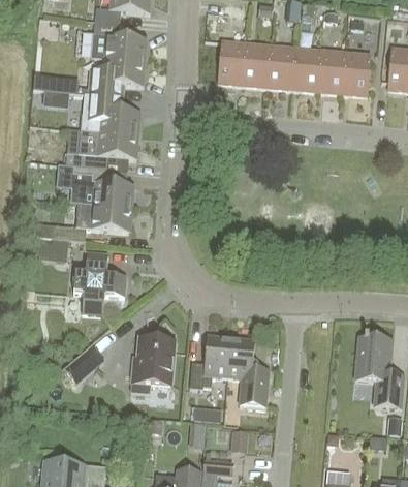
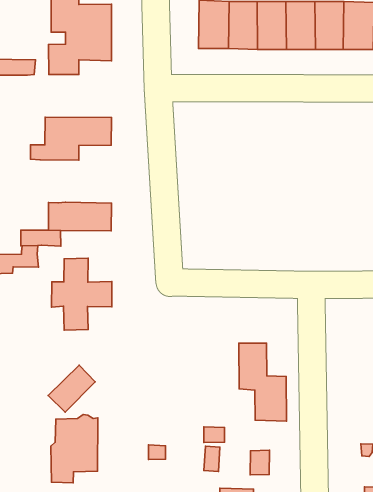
building: [81,93,139,134] -> none
building: [72,165,133,208] -> none
building: [130,335,175,393] -> [51,414,98,483]
building: [189,335,230,389] -> none

